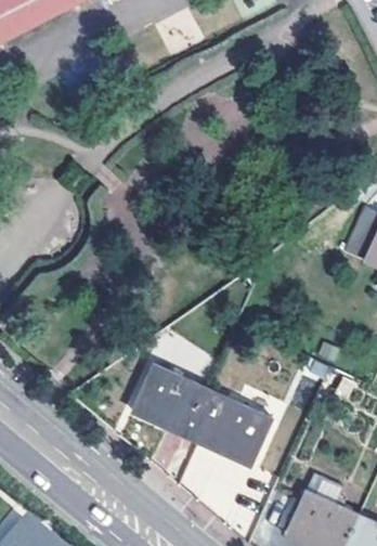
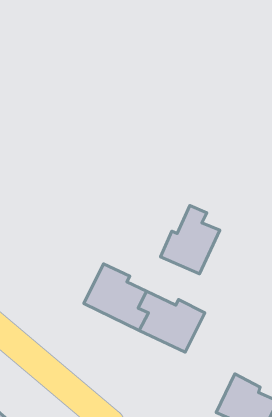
building: none -> [160,206,220,274]

